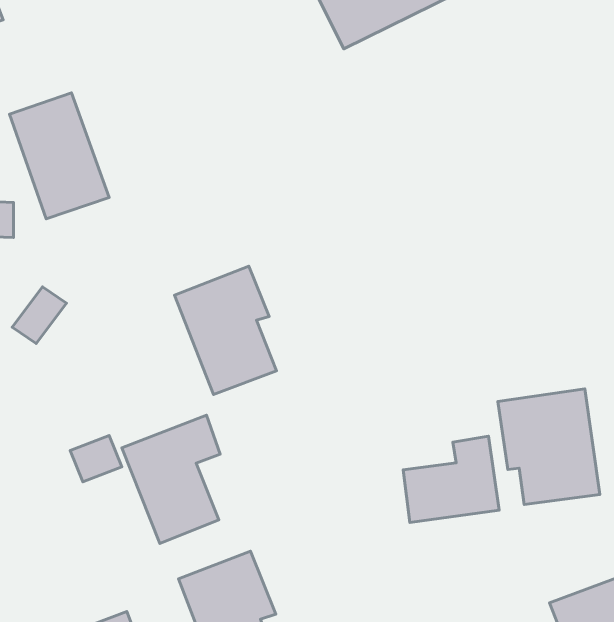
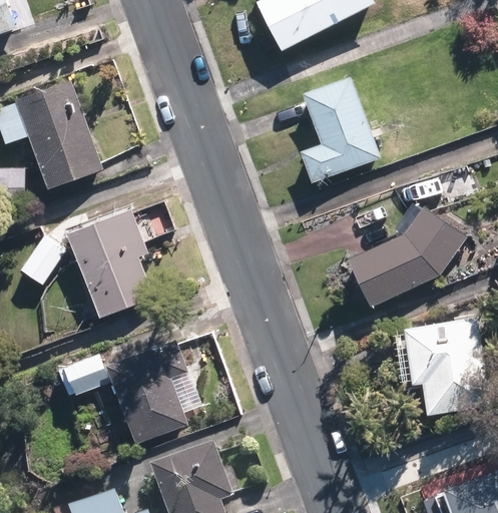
building: none -> [301,78,376,179]
building: none -> [350,207,464,304]
building: [174,266,277,395] -> [68,211,149,314]
building: [403,436,499,522] -> none

